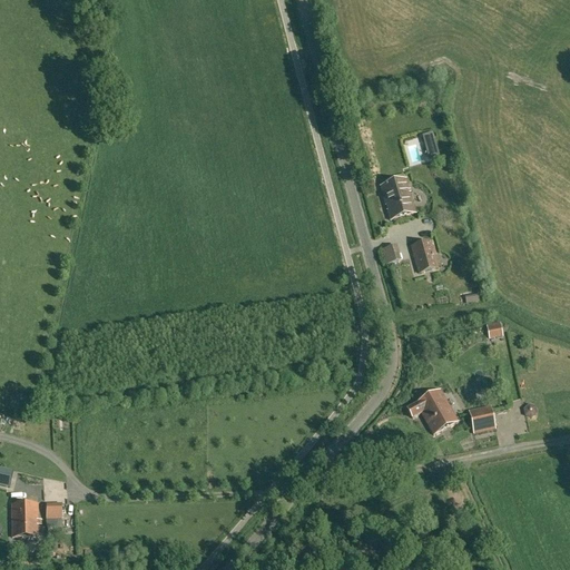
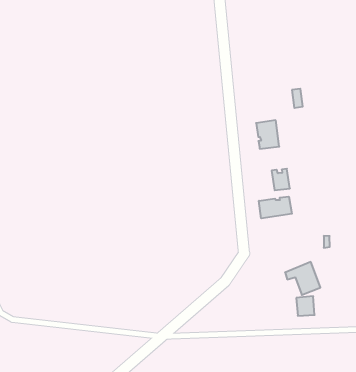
building: none -> [259,197,292,218]
building: [406,387,456,433] -> [285,262,320,295]

